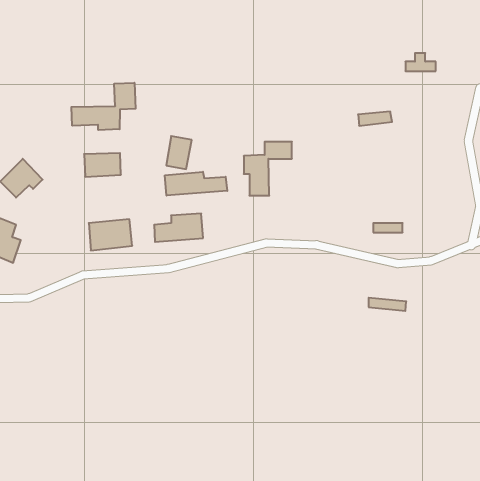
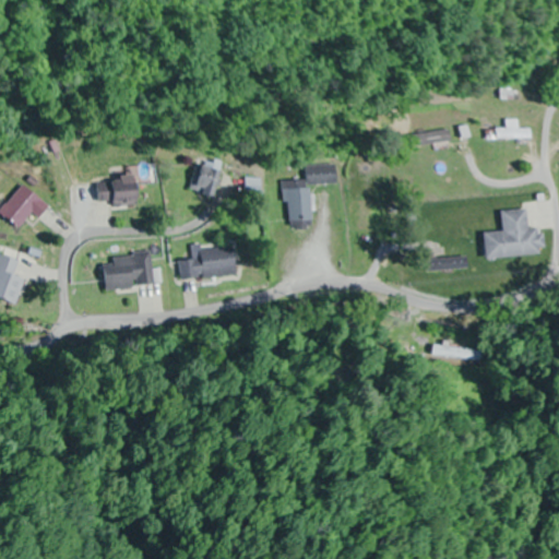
building: [405,53,436,71] -> [496,118,531,139]
building: [71,83,136,130] -> none
building: [165,172,227,196] -> none
building: none -> [483,209,539,258]

